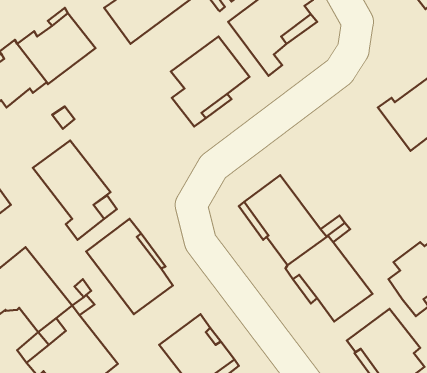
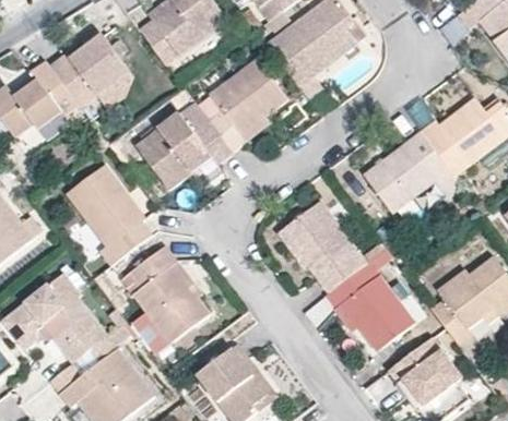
building: none -> [135,100,232,190]
building: none -> [363,130,462,212]

